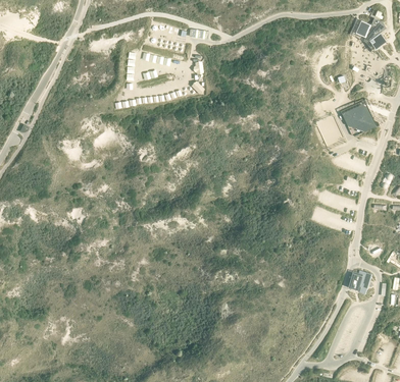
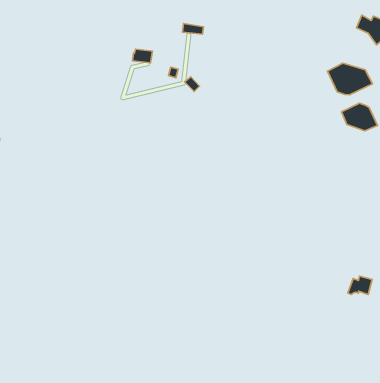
building: none -> [327,63,372,95]

